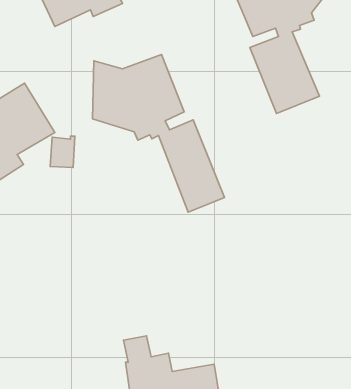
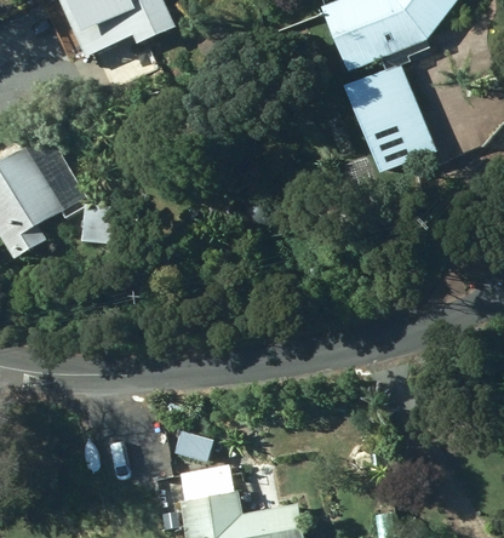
building: [92,54,225,212] -> none

